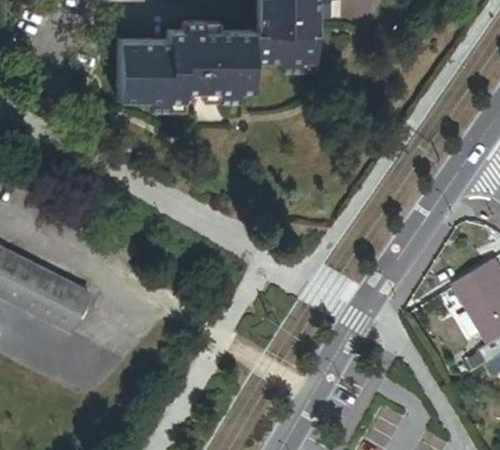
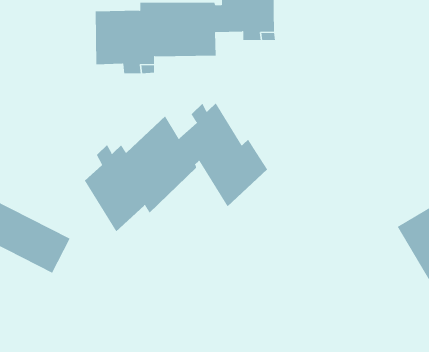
building: none -> [84,102,268,232]

